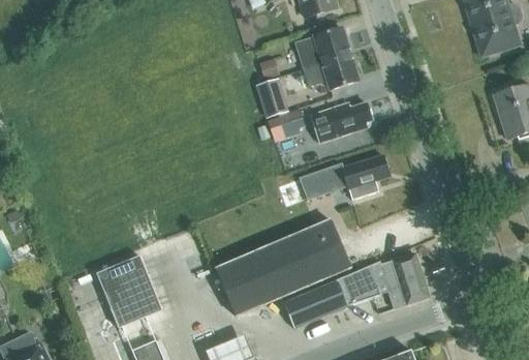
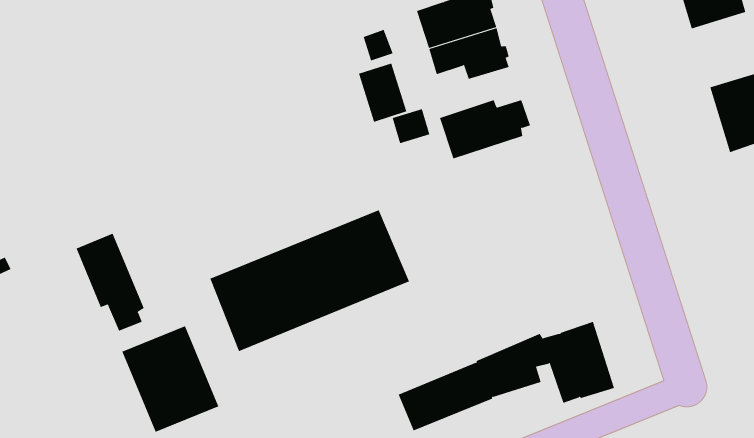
building: [301,154,391,200] -> none
building: none -> [76,233,145,331]
building: [216,219,351,316] -> [210,210,410,352]

